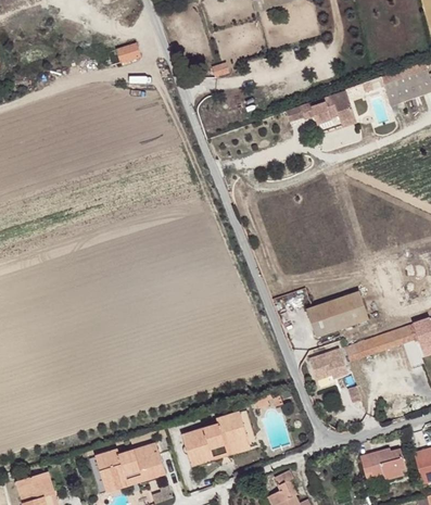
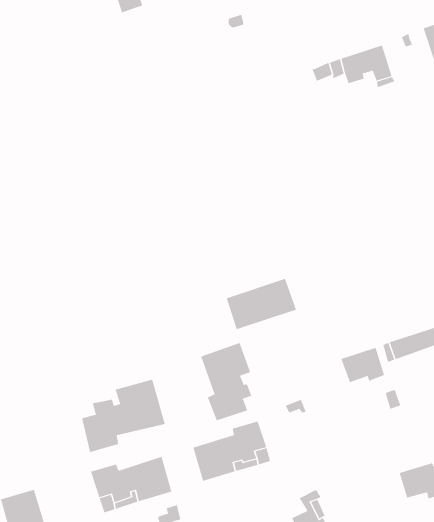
building: [307,292,368,337] -> [226,278,297,330]
building: none -> [200,342,252,421]
building: none -> [81,379,165,453]

